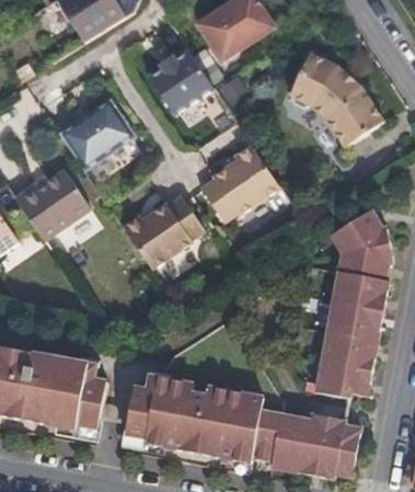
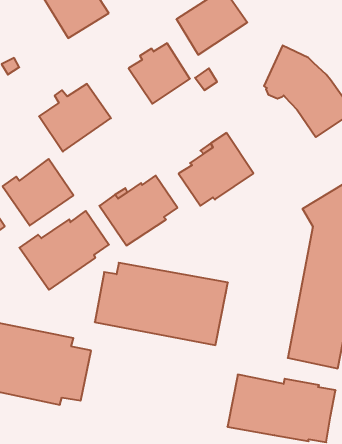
building: none -> [19,211,109,290]
building: [125,368,265,455] -> [95,263,228,345]

